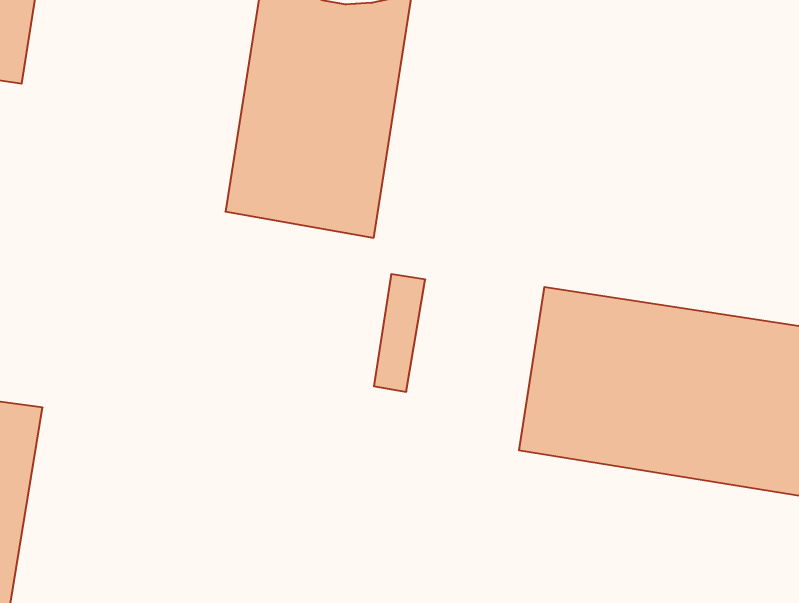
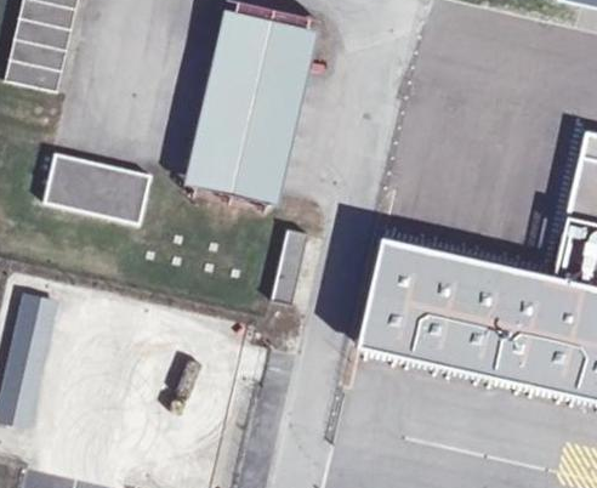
building: none -> [44,152,152,223]

